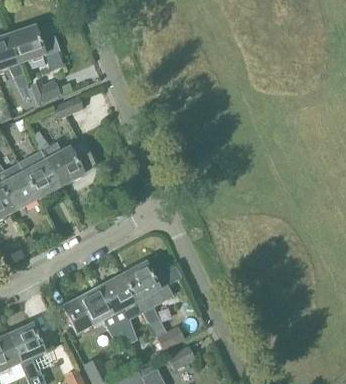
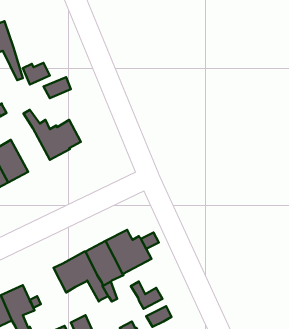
building: [10,23,60,62] -> none
building: [17,151,60,199] -> none

